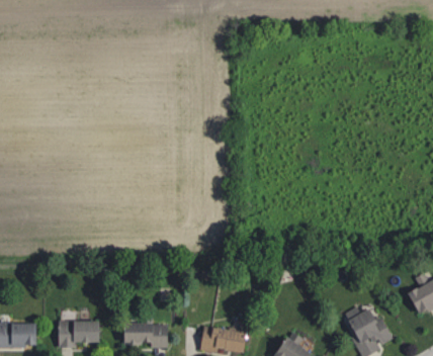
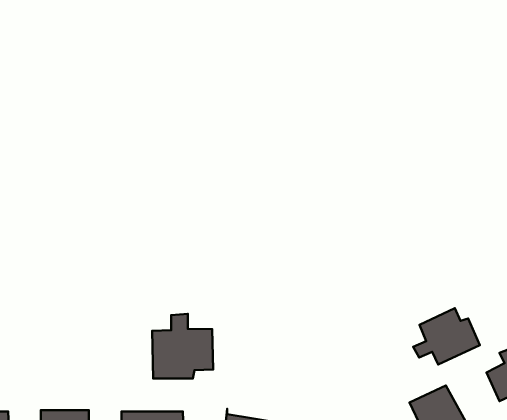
building: none -> [413,308,480,364]
building: none -> [152,314,213,379]

